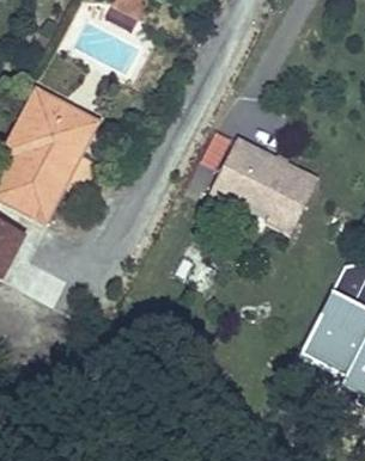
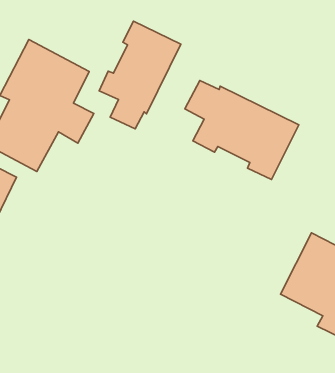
building: none -> [99,21,181,129]

